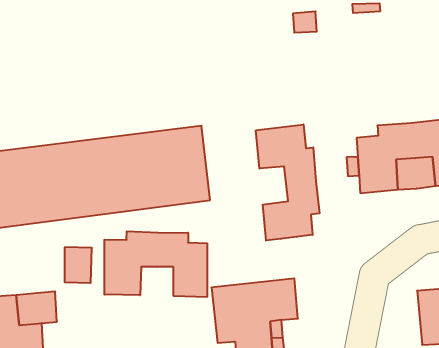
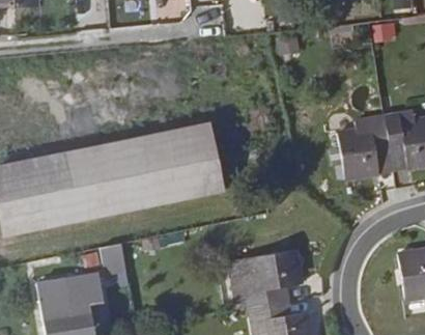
building: [256,124,319,241] -> none
building: [104,231,207,297] -> none

